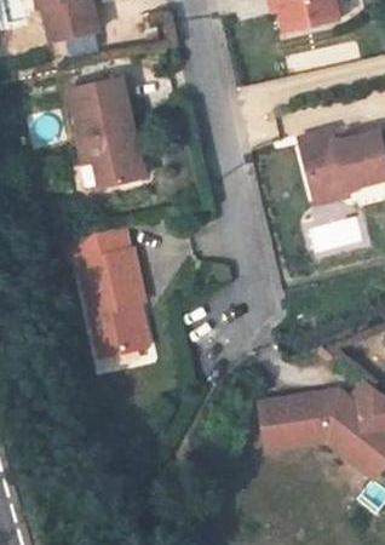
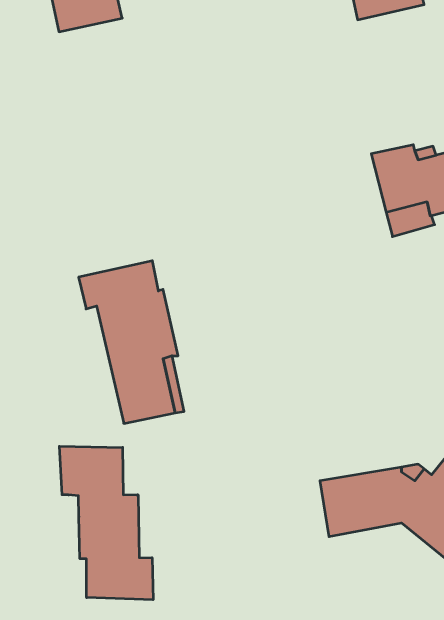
building: [70,79,145,187] -> none
building: none -> [59,446,153,600]

